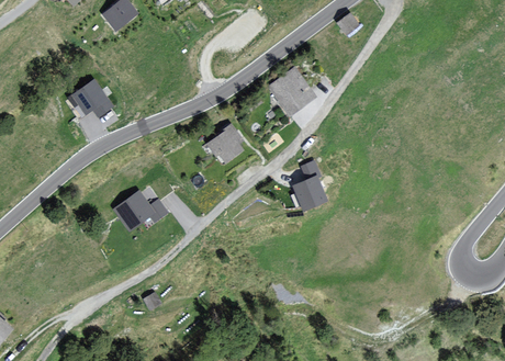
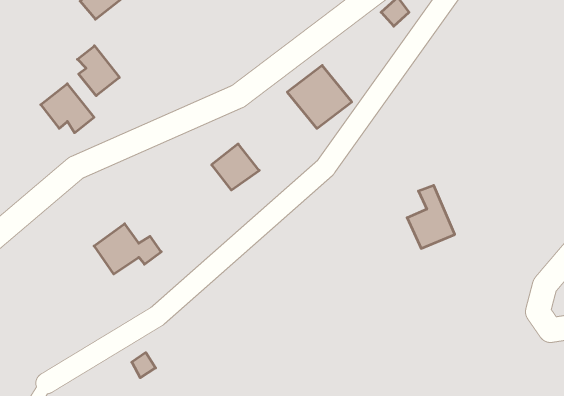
building: none -> [77,46,119,96]
building: [292,161,329,211] -> [407,185,455,248]

